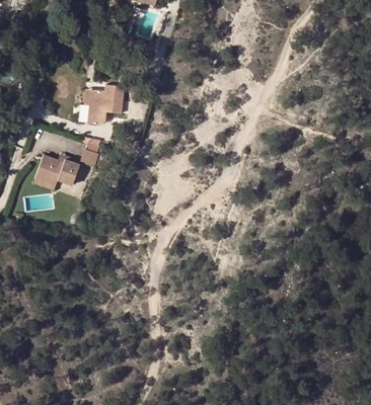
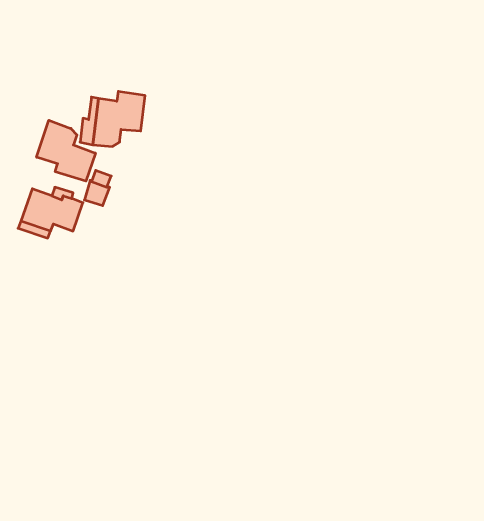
building: none -> [37,120,95,181]

